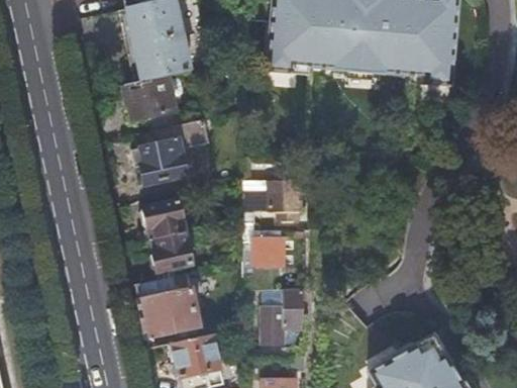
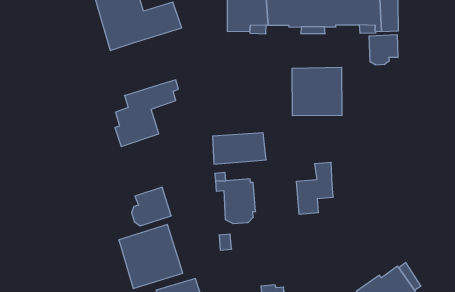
building: [121,74,185,129] -> none
building: none -> [369,35,398,65]
building: none -> [292,67,342,116]
building: [140,199,185,238] -> none
building: [262,289,301,342] -> [296,162,333,214]

